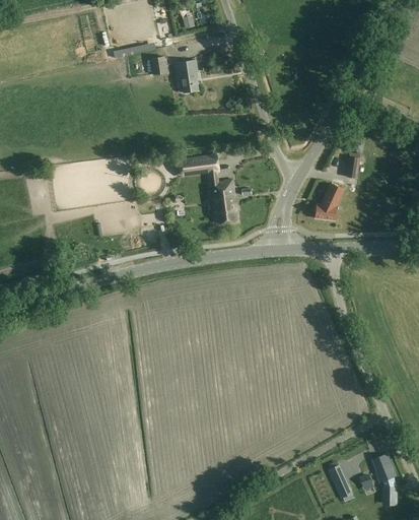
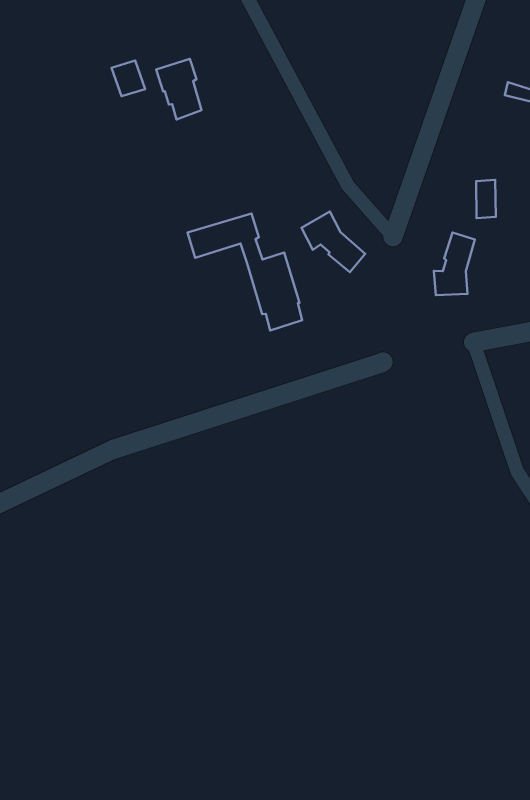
building: none -> [302,212,365,272]

